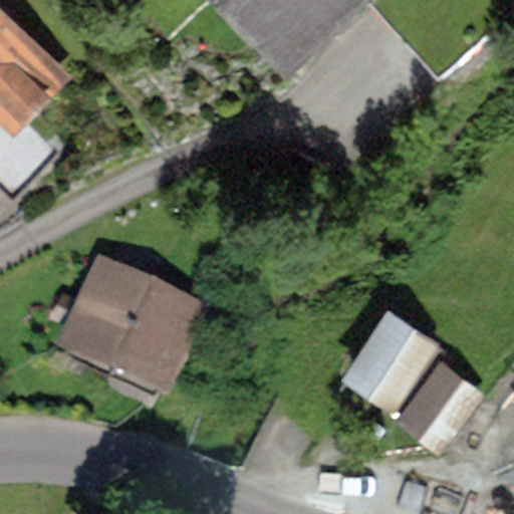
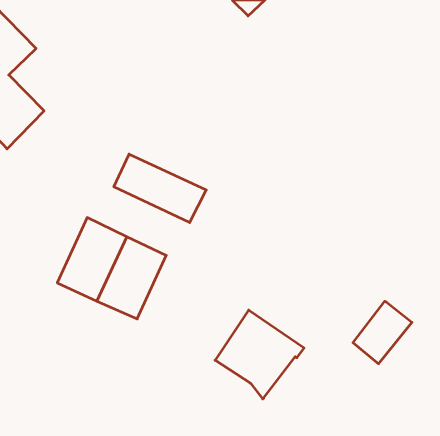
building: none -> [114,154,206,223]
building: [347,306,449,408] -> [215,310,304,399]

